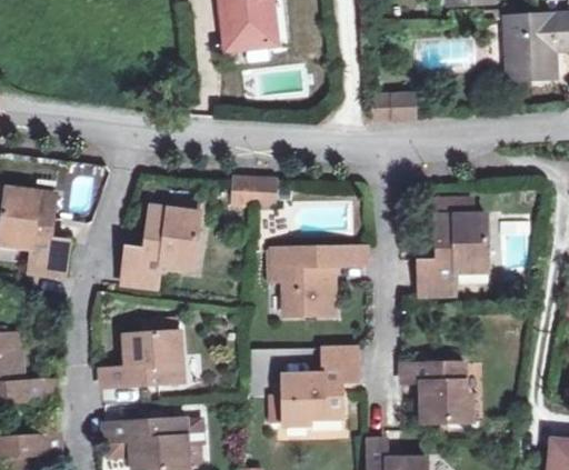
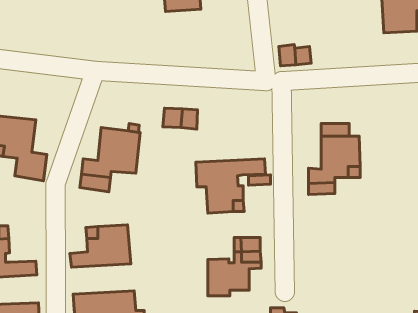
building: [401,359,468,418] -> none

